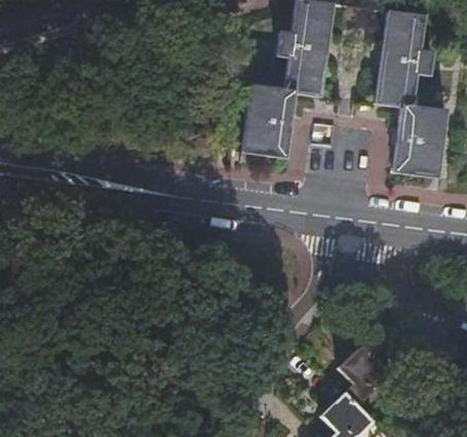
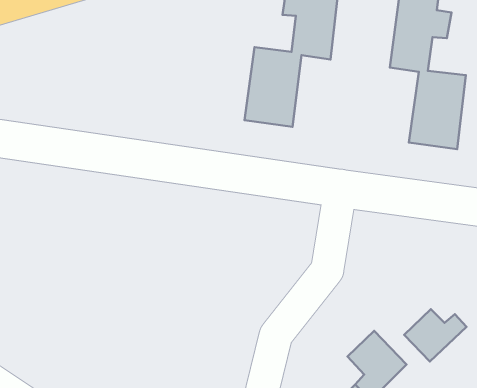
building: none -> [404,309,467,361]

